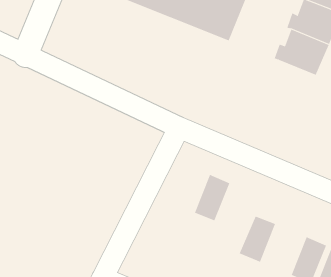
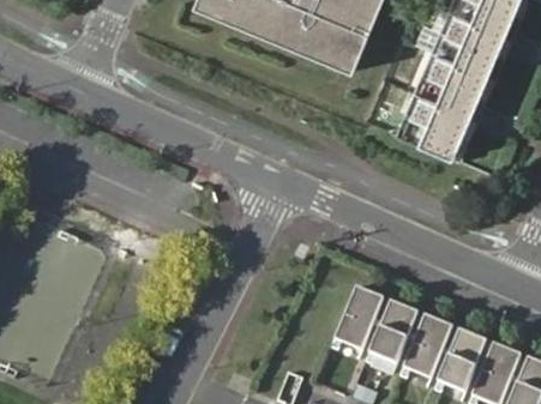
building: none -> [397,95,471,157]
building: [194,174,230,221] -> [335,288,383,350]
building: none -> [403,316,451,378]

